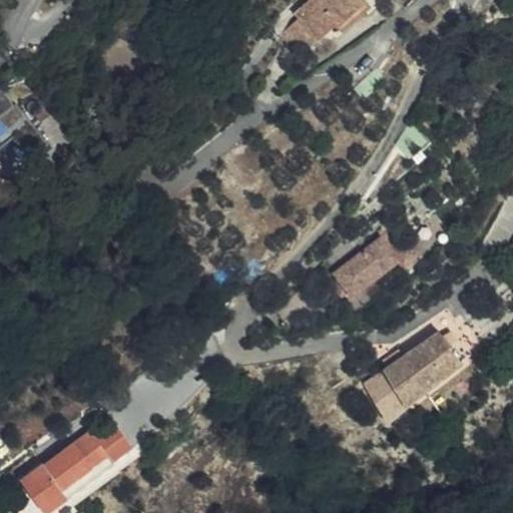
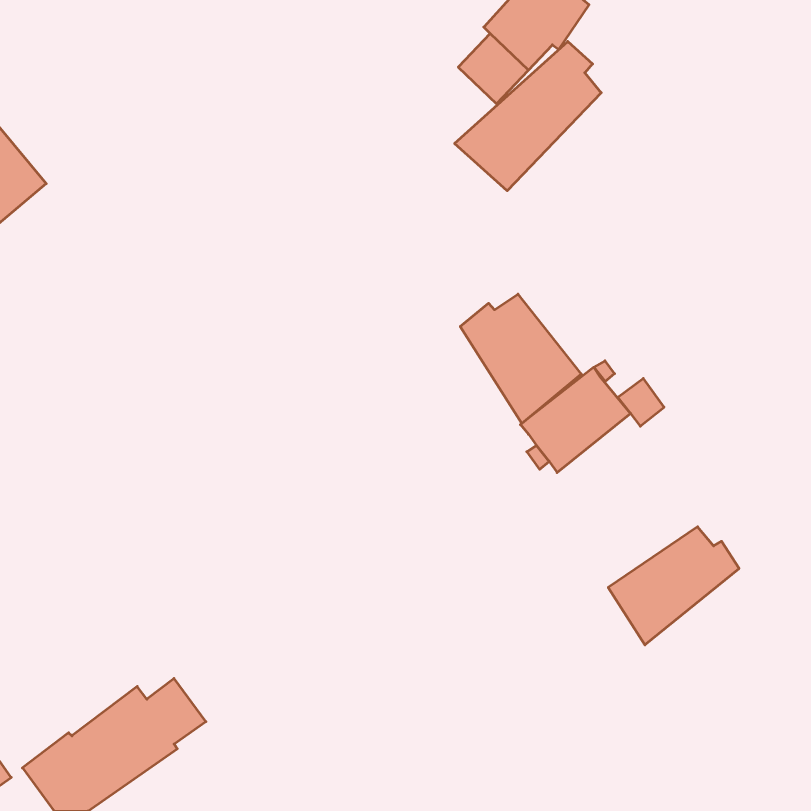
building: none -> [455,41,601,191]
building: none -> [460,294,581,423]
building: [362,369,405,420] -> none

